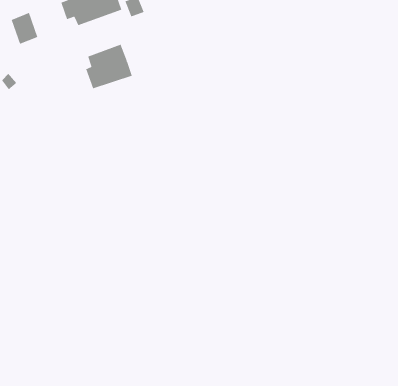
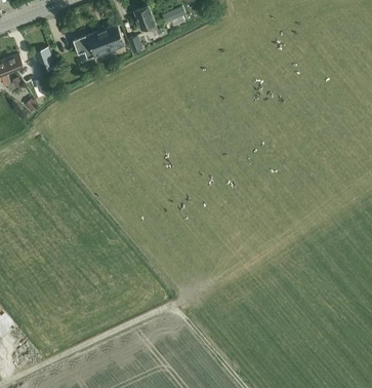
building: [85,44,132,89] -> none

